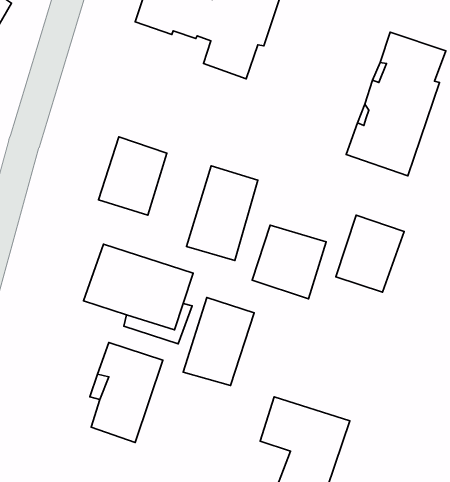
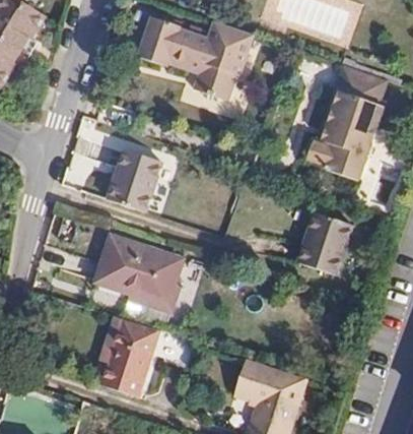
building: [186,166,258,260] -> none
building: [252,225,326,299] -> none
building: [183,297,254,386] -> none

